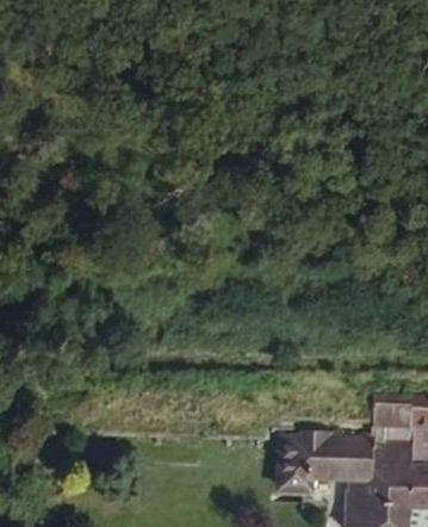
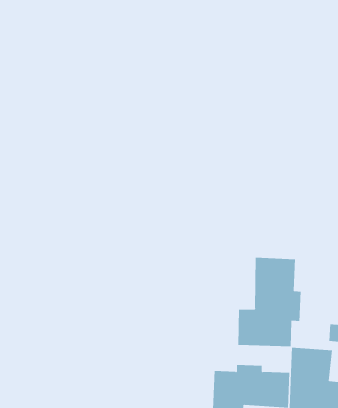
building: none -> [238,257,301,347]

